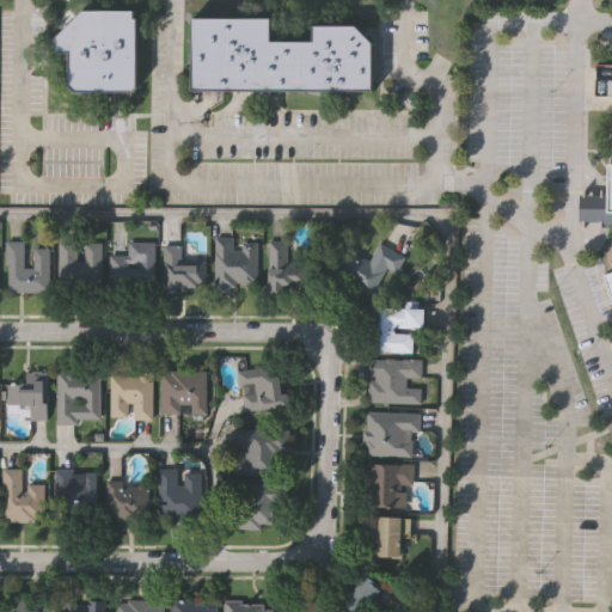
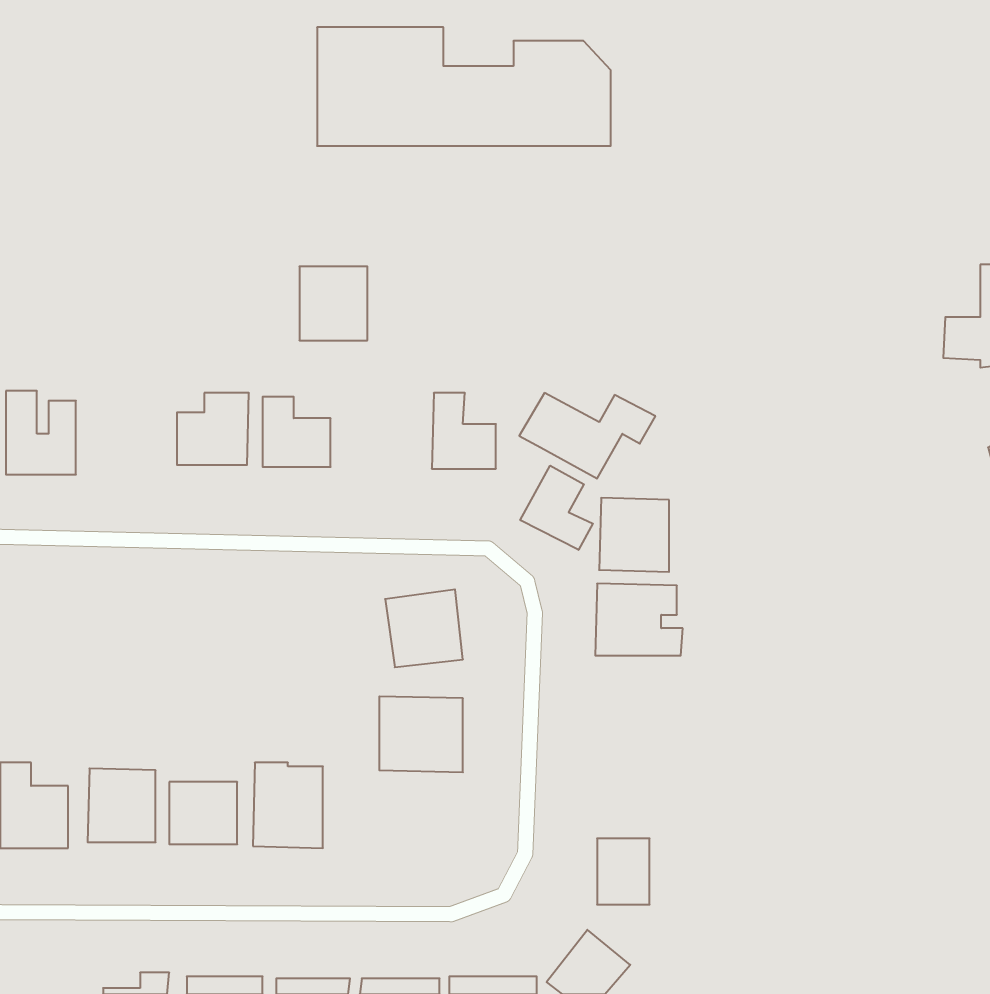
building: [61,10,143,91] -> none
building: [215,239,257,284] -> [299,266,367,340]
building: [57,240,104,284] -> none
building: none -> [520,466,593,550]
building: [160,371,206,414] -> none
building: [7,372,47,418] -> none
building: [57,372,100,422] -> none
building: [110,374,153,418] -> none
building: [366,410,421,455] -> none
building: [368,464,412,507] -> none
building: [235,483,279,528] -> none

